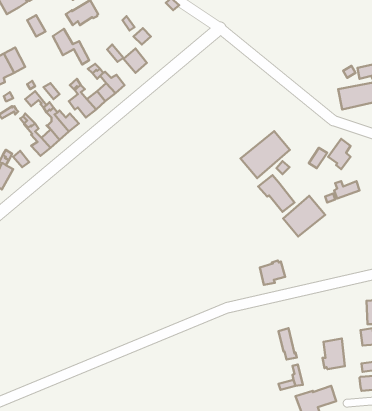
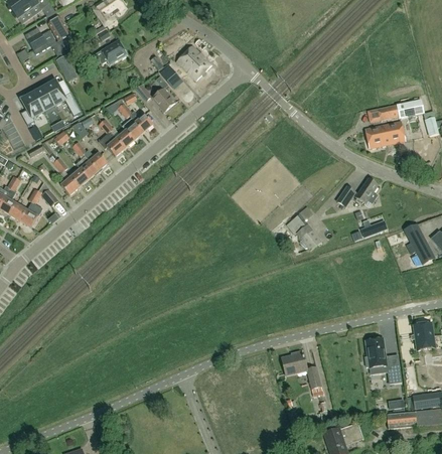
building: none -> [176,45,210,81]
building: [53,29,89,64] -> [43,81,80,116]
building: [241,131,290,178] -> none
building: [283,196,325,237] -> none
building: [260,260,285,285] -> [281,351,306,375]
building: [322,339,345,369] -> [363,338,386,368]

